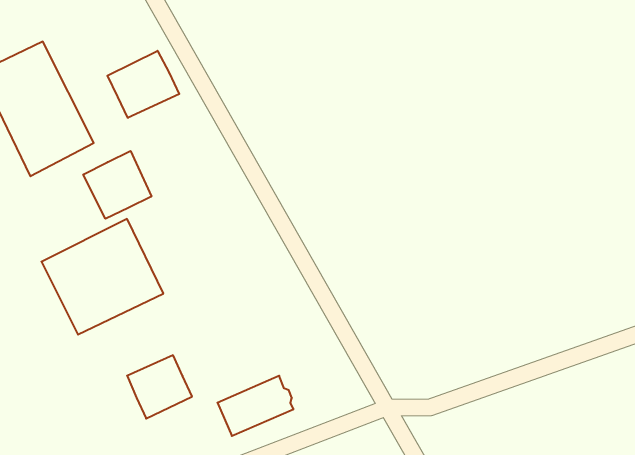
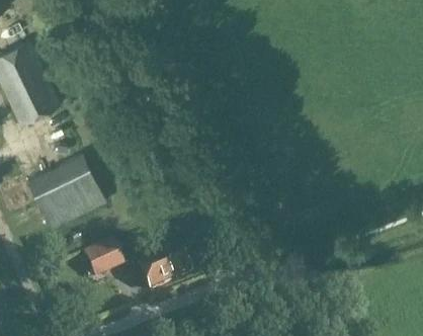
building: [107,51,179,118] -> none
building: [83,151,151,219] -> none

